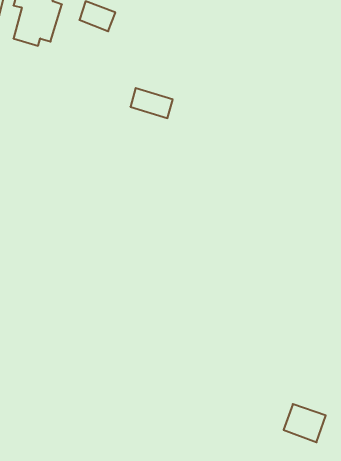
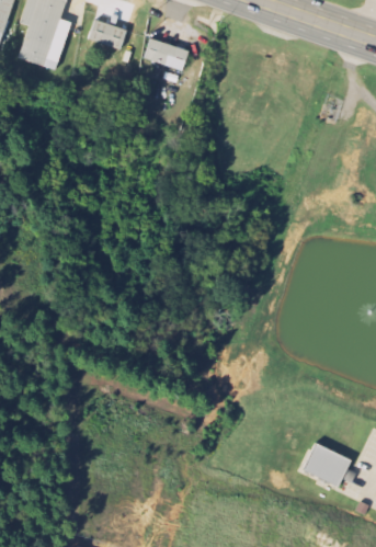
building: [130,88,173,118] -> [144,38,189,70]

